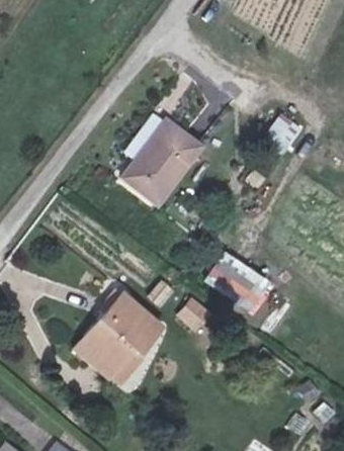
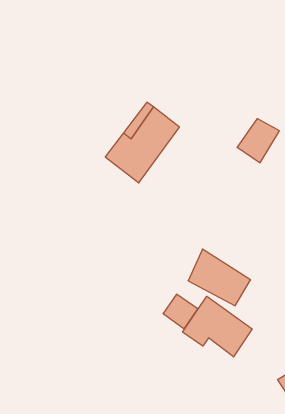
building: [75,290,161,376] -> none
building: none -> [183,296,252,357]

